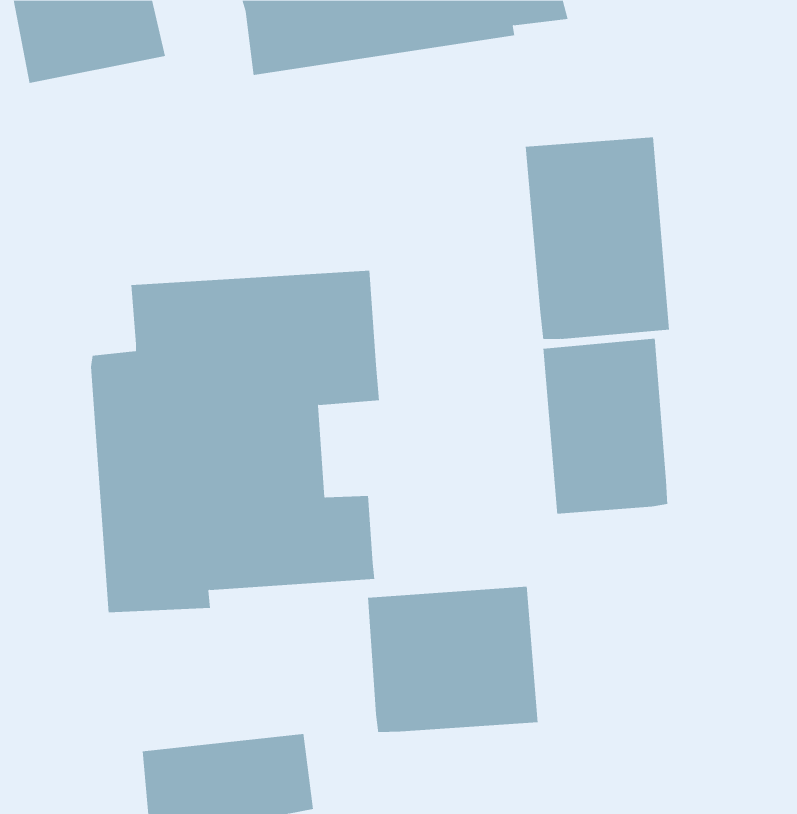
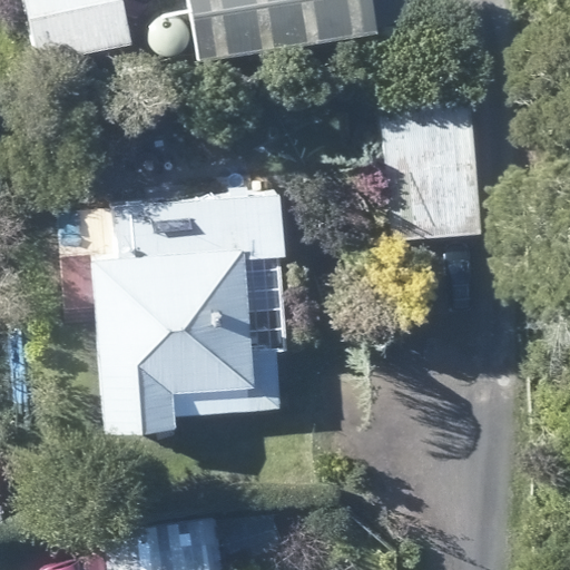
building: [543,338,668,515] -> none
building: [367,586,538,733] -> none

